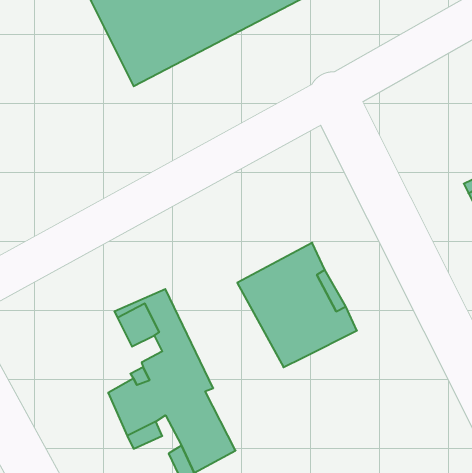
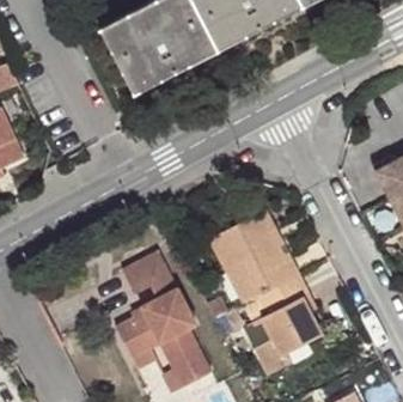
building: none -> [250,276,323,368]

